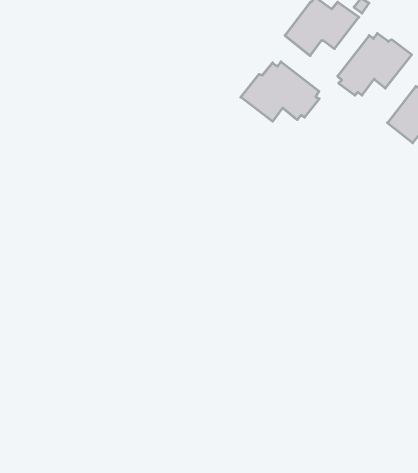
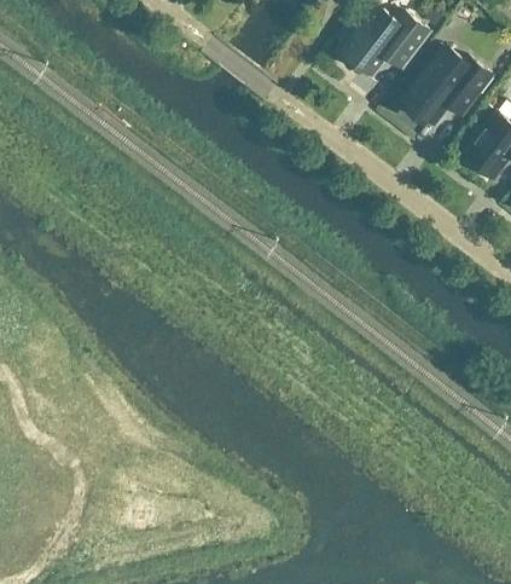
building: [241,62,319,121] -> none

